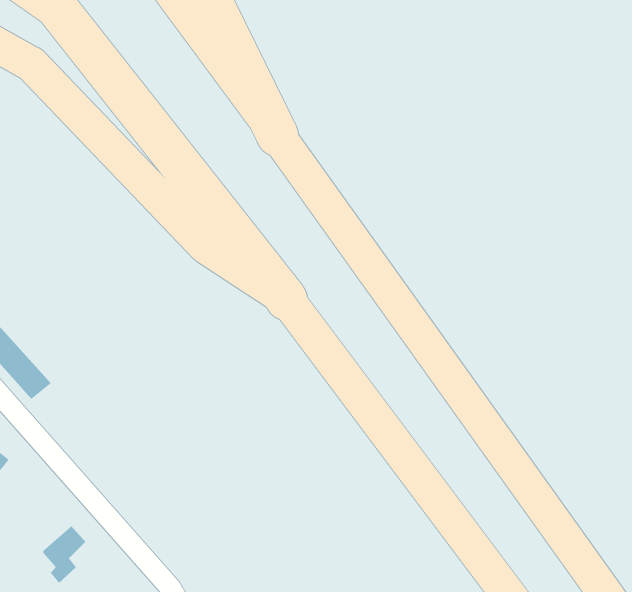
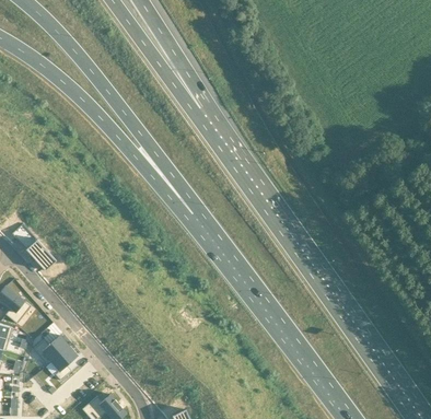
building: none -> [32,334,68,364]

